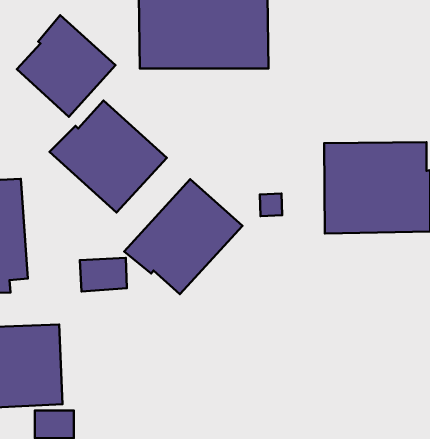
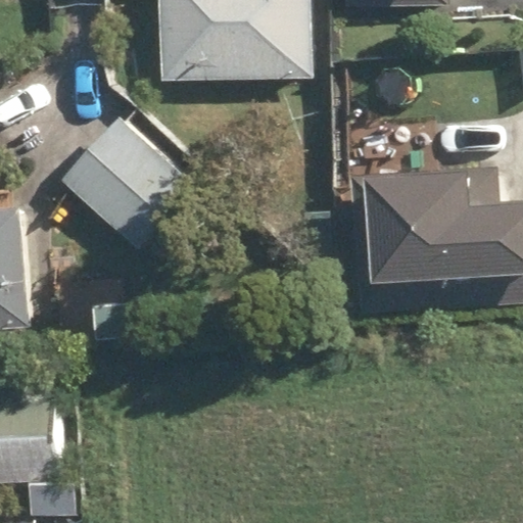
building: [17,15,115,117] -> none
building: [124,179,242,294] -> none

